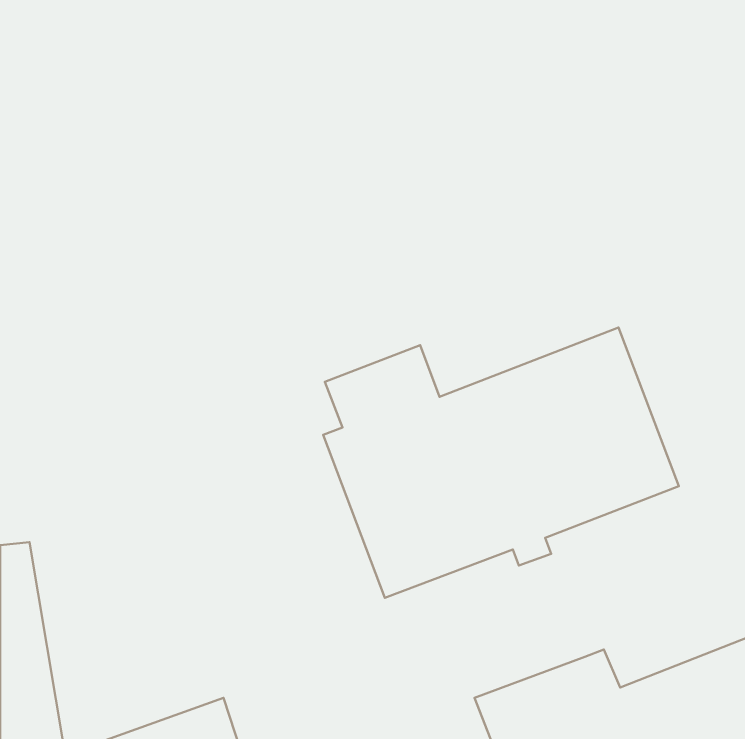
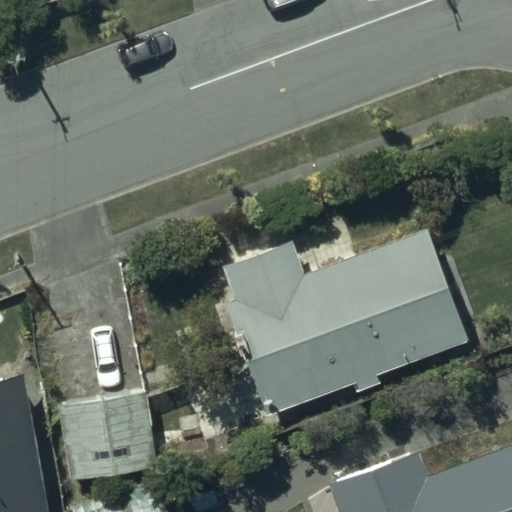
building: none -> [59,393,160,483]

